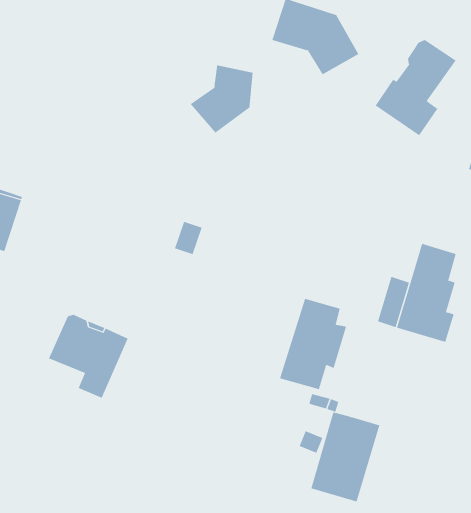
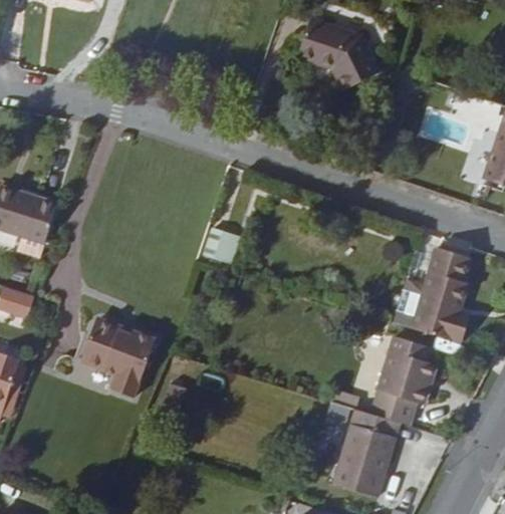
building: [375,39,456,136] -> none
building: [190,65,253,134] -> none
building: [279,298,347,390] -> [370,337,435,425]

